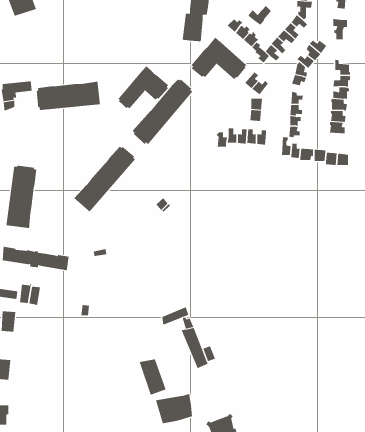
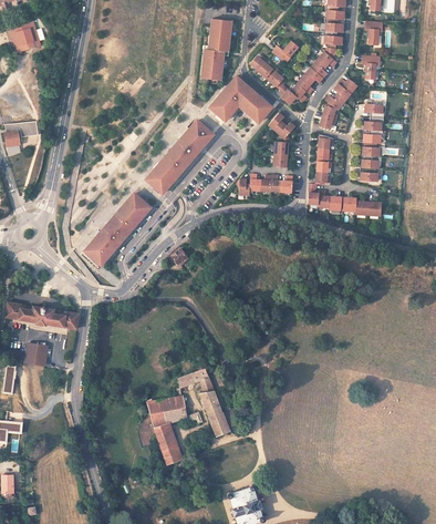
building: [117,65,169,109] -> none
building: [36,81,101,111] -> none
building: [6,165,37,229] -> none
building: [155,393,193,424] -> [146,394,187,428]

